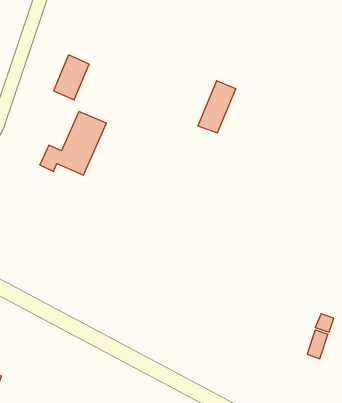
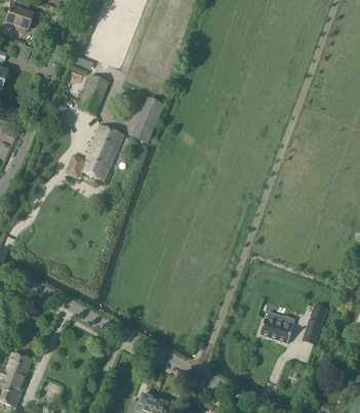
building: [198,81,236,133] -> [131,96,165,142]
building: none -> [259,311,295,342]

